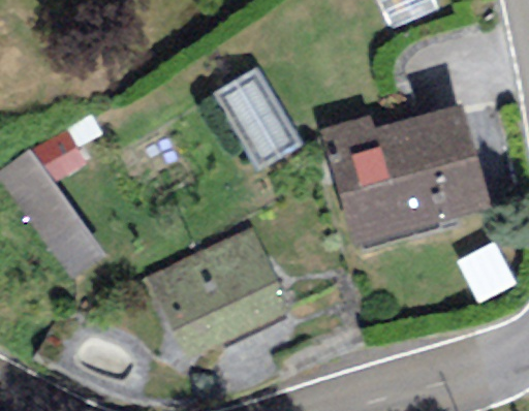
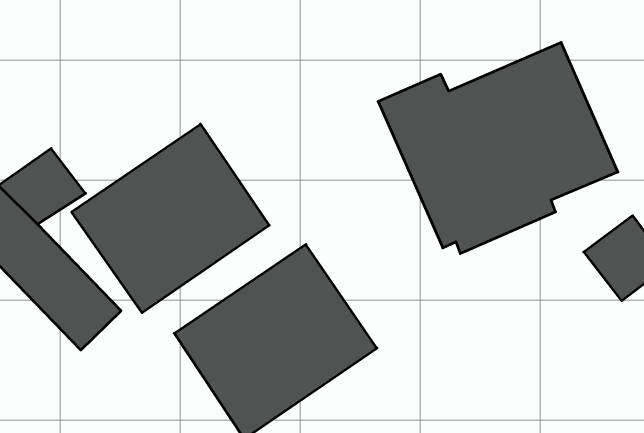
building: [217,71,298,164] -> none
building: none -> [72,124,269,313]

